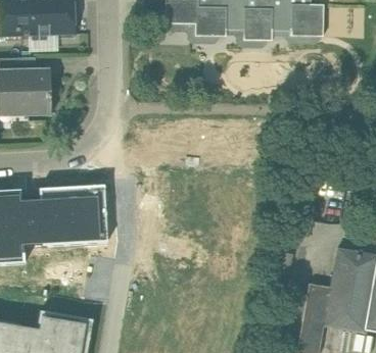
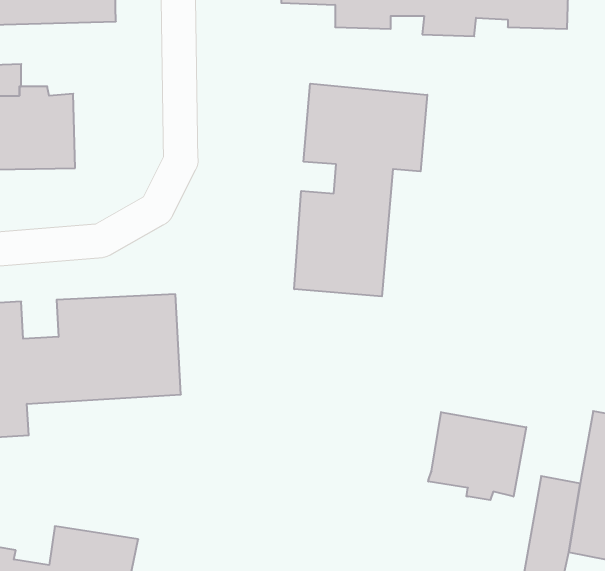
building: none -> [294,84,427,296]
building: none -> [428,412,526,500]

